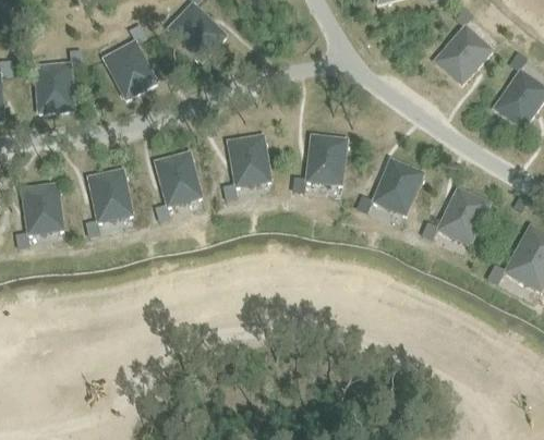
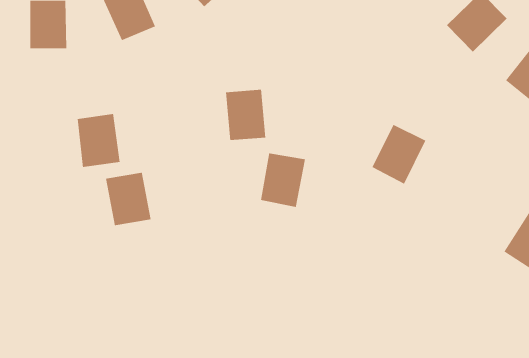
building: [306,134,347,184] -> [260,153,306,208]
building: [155,151,202,205] -> [105,172,151,226]
building: [22,183,63,233] -> none
building: [437,186,489,244] -> none

